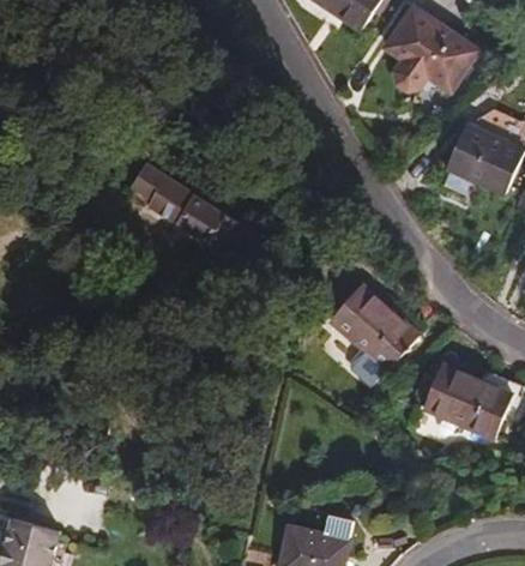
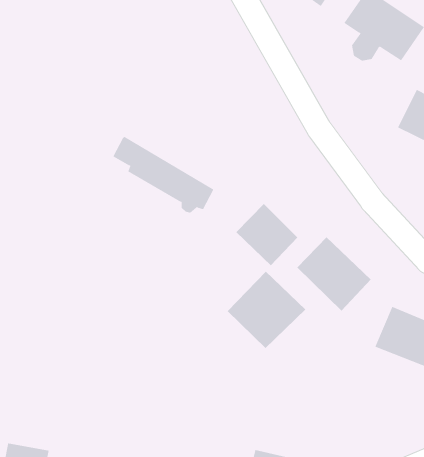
building: none -> [235,203,298,266]
building: none -> [227,271,306,349]

